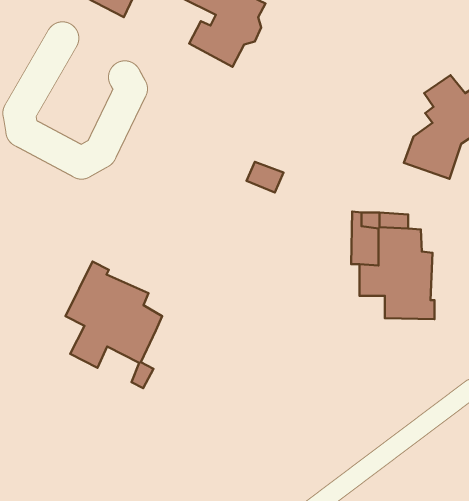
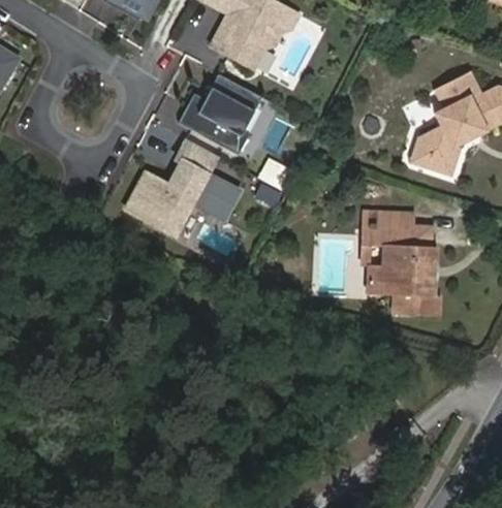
building: none -> [174,73,257,154]
building: none -> [124,138,237,233]
building: [65,261,162,388] -> none

